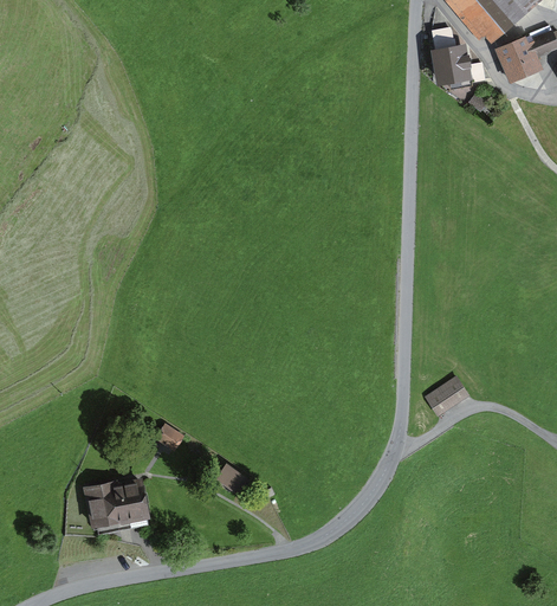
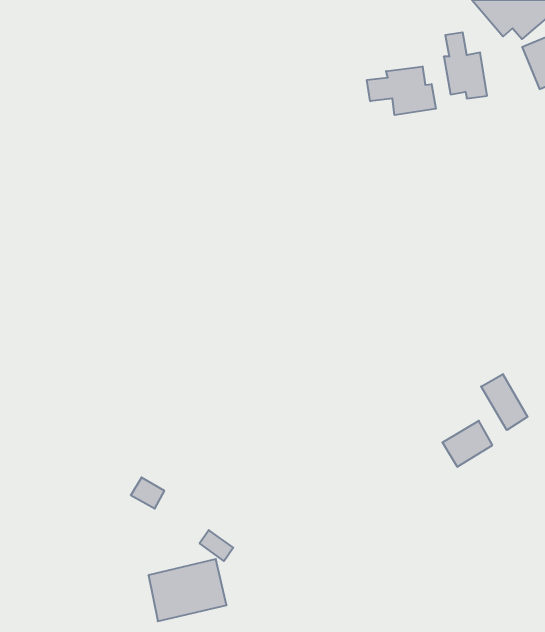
building: none -> [367,66,436,115]
building: none -> [481,374,528,430]
building: [86,473,155,528] -> [148,559,227,621]

